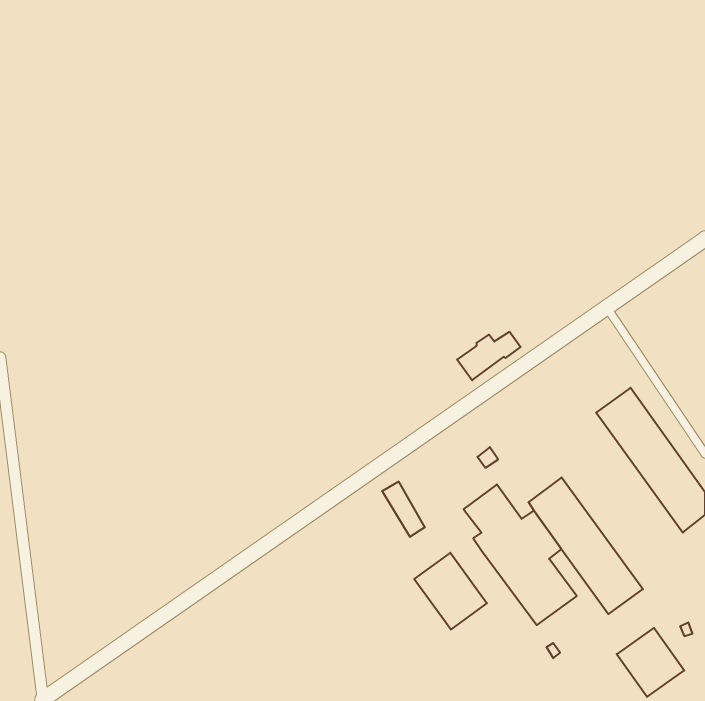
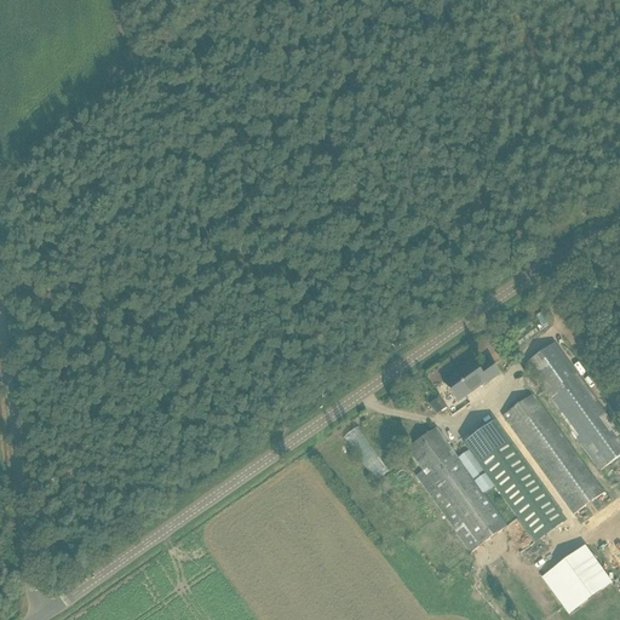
building: [457,332,521,380] -> [443,357,499,400]
building: none -> [503,391,603,511]
building: [414,553,487,630] -> none

